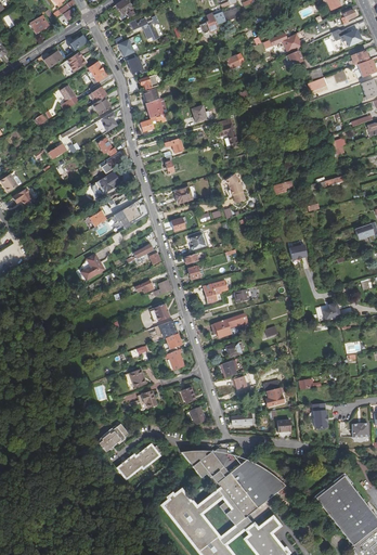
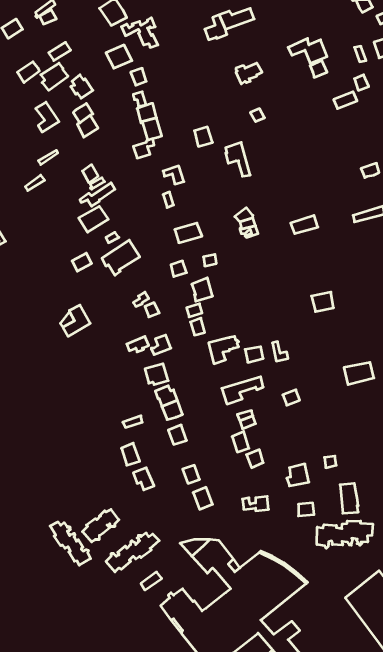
building: none -> [317,521,373,548]
building: none -> [50,522,91,565]

